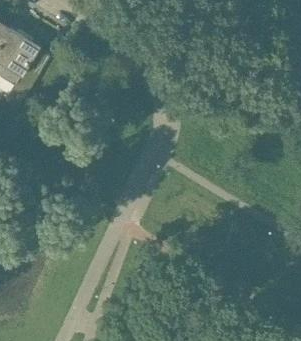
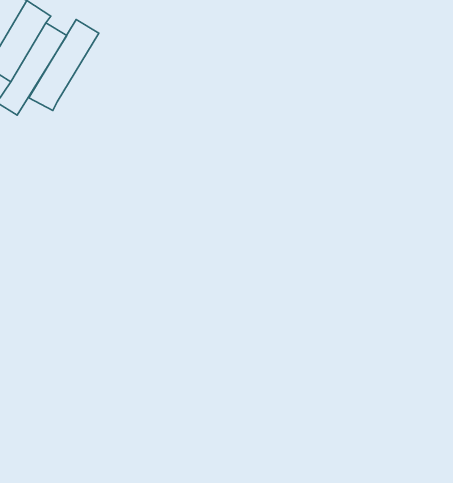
building: none -> [29,20,99,110]

